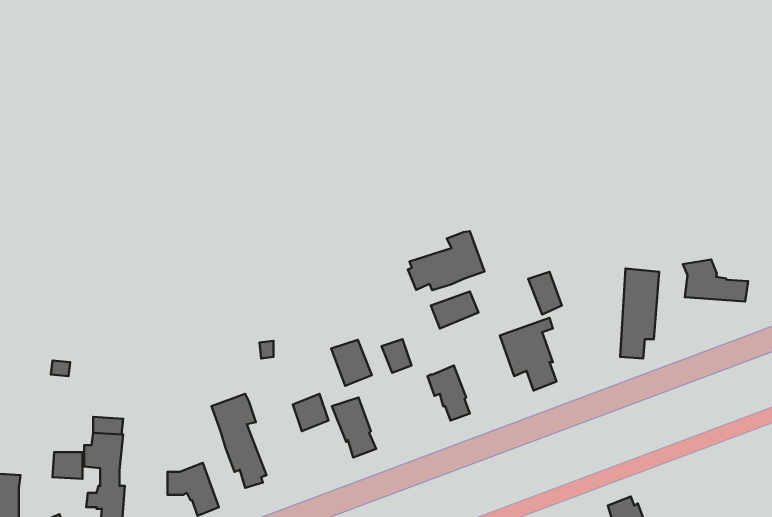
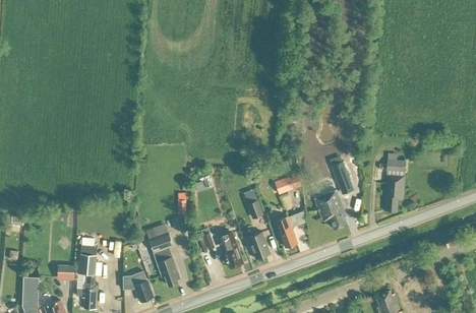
building: [408,231,484,290] -> none
building: [683,259,748,302] -> none
building: [331,340,372,386] -> [247,232,271,258]

